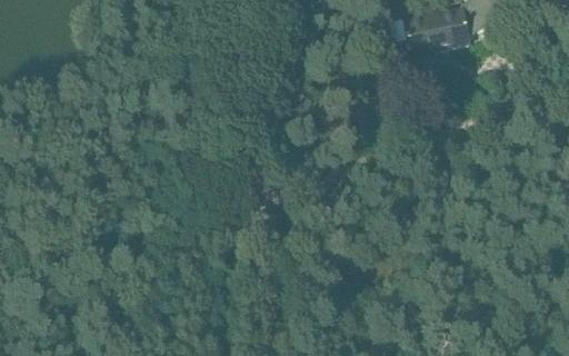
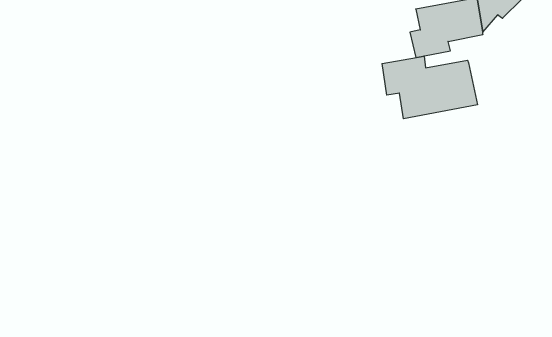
building: none -> [382,56,477,119]

